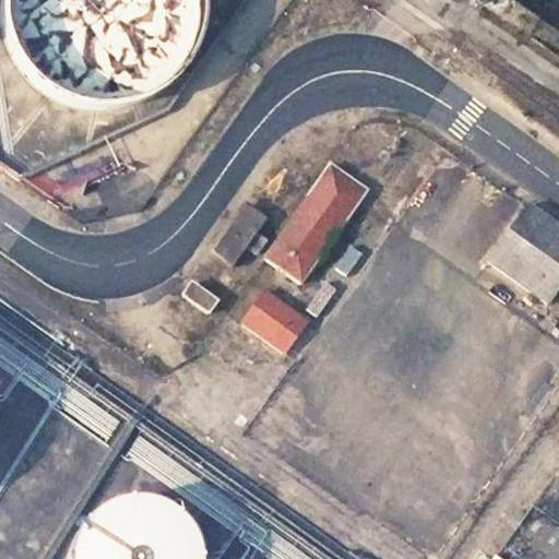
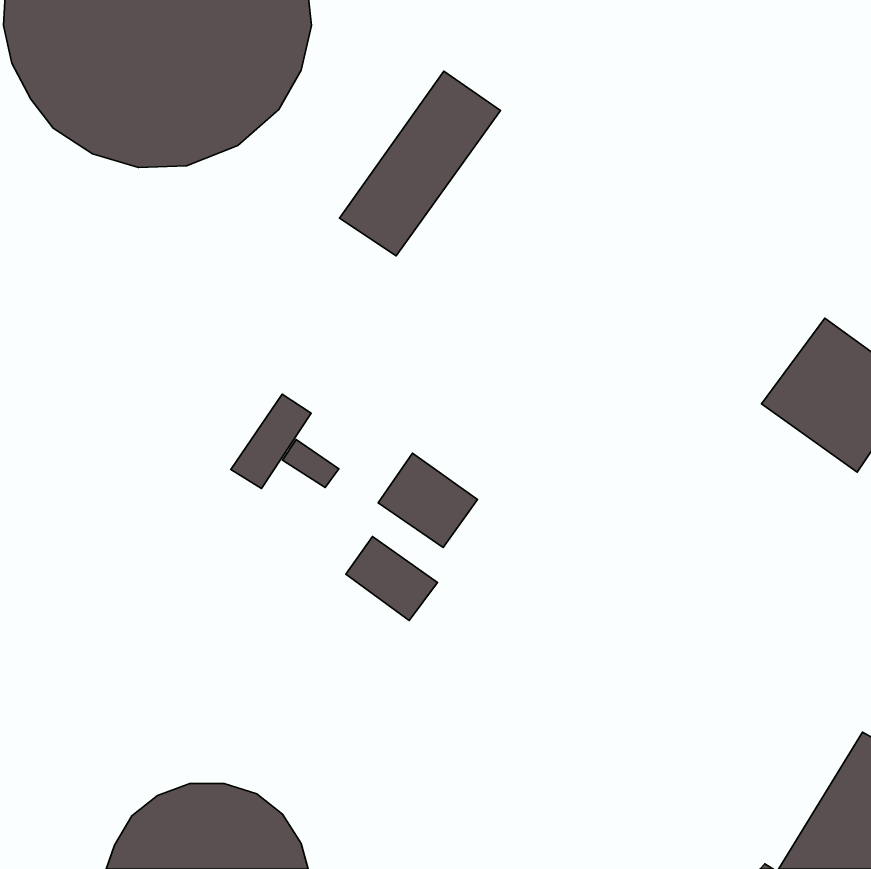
building: [265,163,368,281] -> [340,71,500,256]
building: [212,203,263,263] -> [231,394,311,488]
building: none -> [346,536,437,621]

